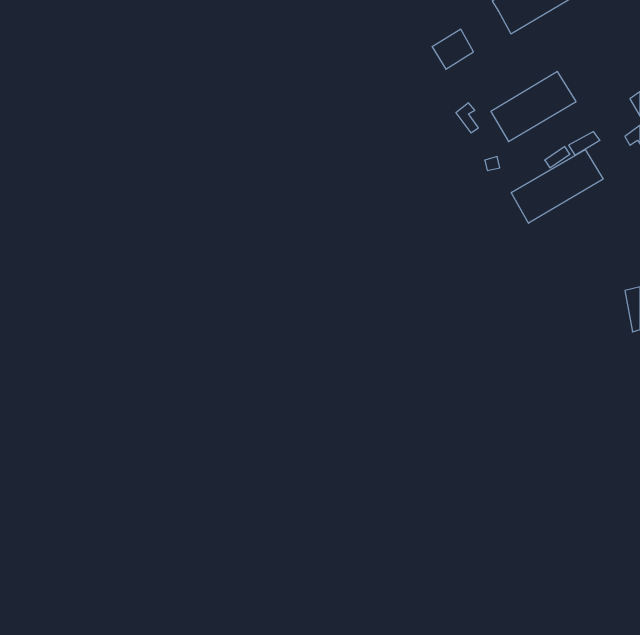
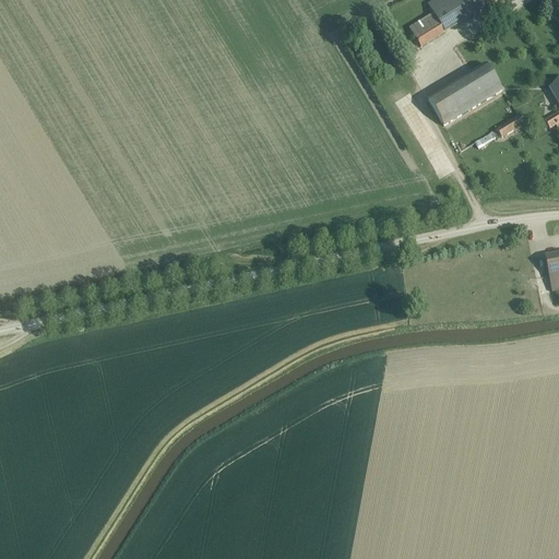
building: [432,29,473,69] -> [409,10,445,45]
building: [511,149,603,223] -> none

